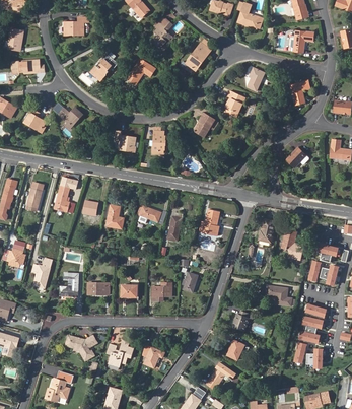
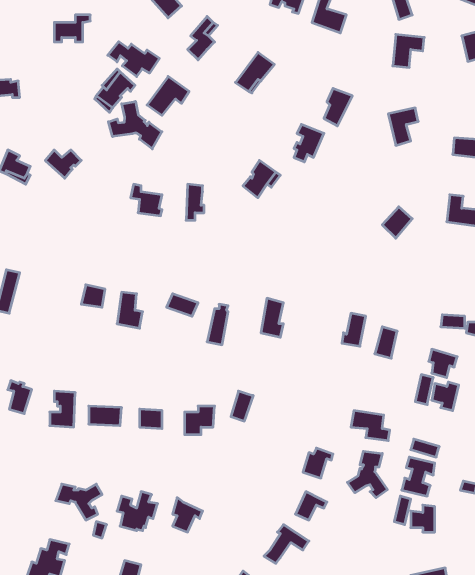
building: none -> [108,42,159,77]
building: none -> [108,101,162,149]
building: [52,179,76,220] -> none
building: none -> [347,451,387,498]

